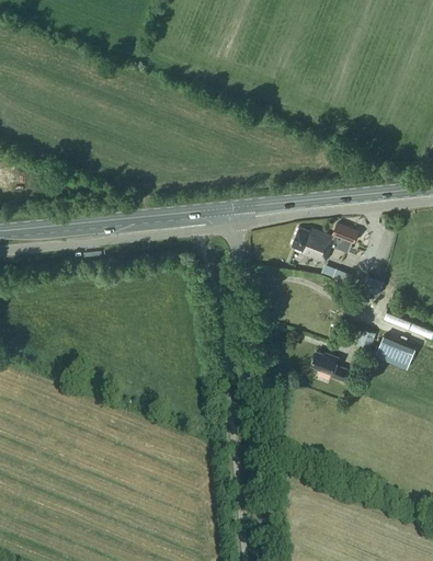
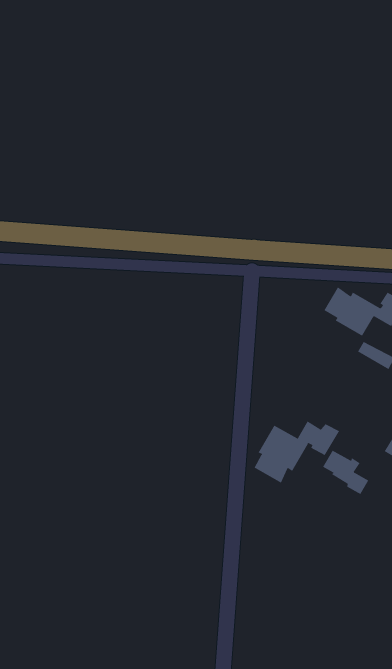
building: none -> [254,421,340,484]

